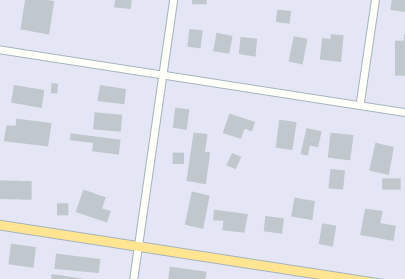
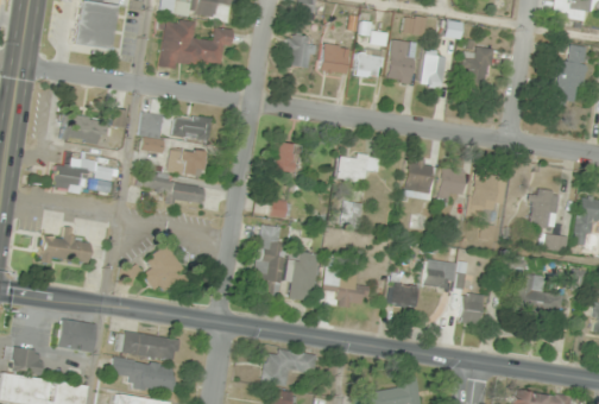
building: none -> [160,19,233,68]
building: none -> [386,40,416,83]
building: none -> [140,112,163,151]
building: [186,132,211,185] -> [252,225,285,293]
building: [327,168,346,191] -> none

